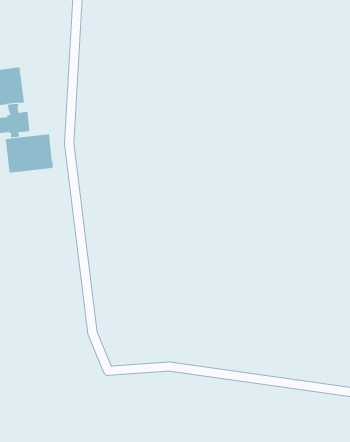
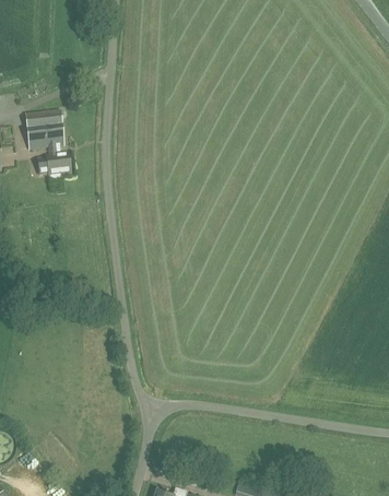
building: [5,134,53,173] -> none

